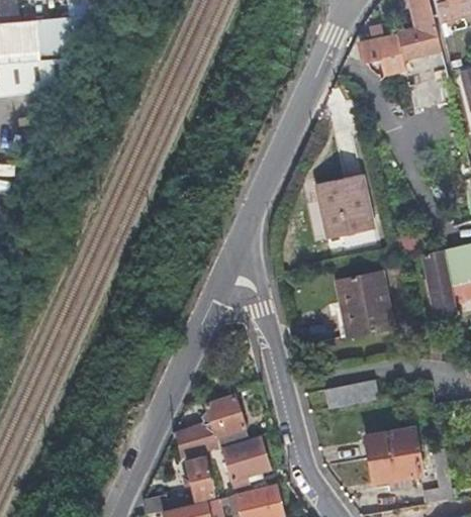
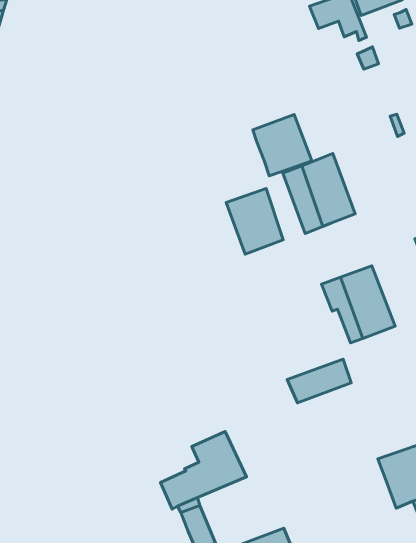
building: none -> [253,114,312,176]
building: none -> [226,188,283,254]
building: [323,378,378,410] -> [287,359,351,403]
building: [224,439,270,489] -> none

